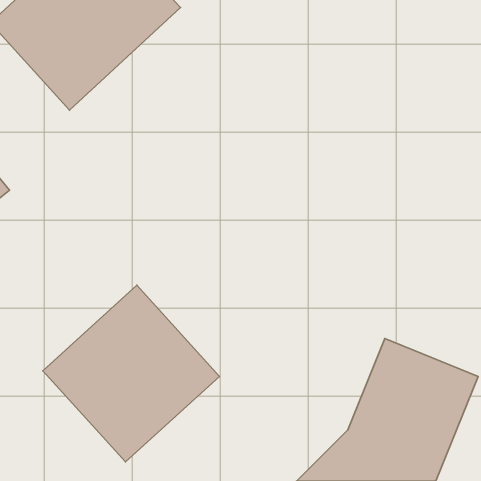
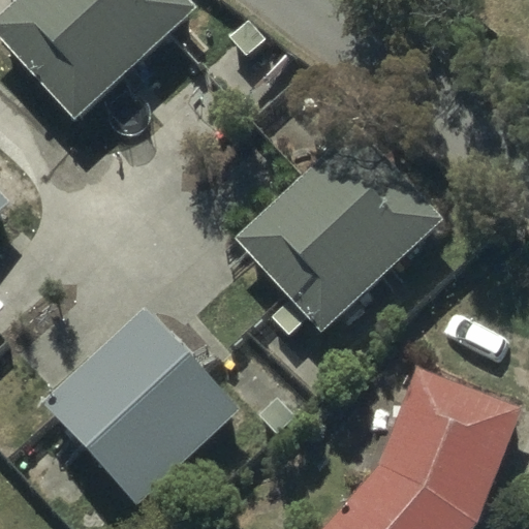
building: none -> [237,131,440,334]

